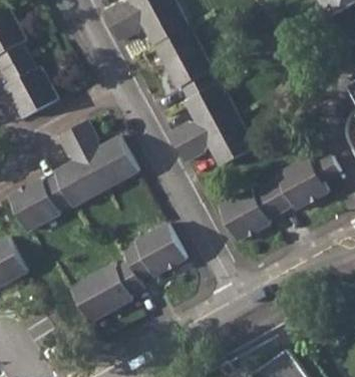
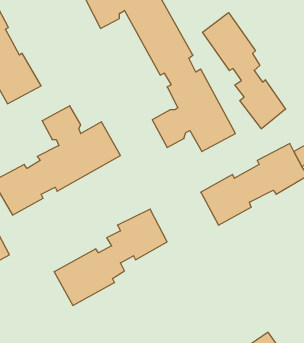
building: none -> [203,13,286,129]

